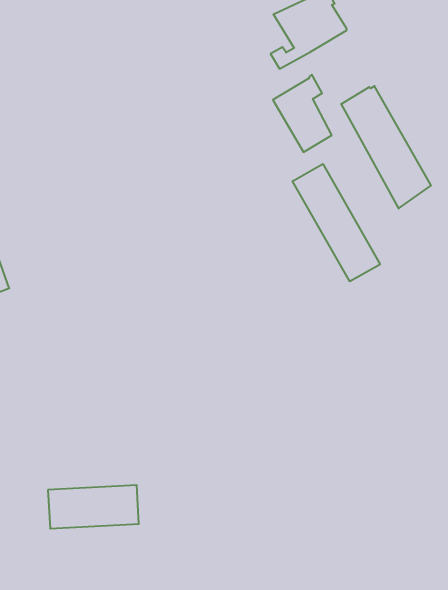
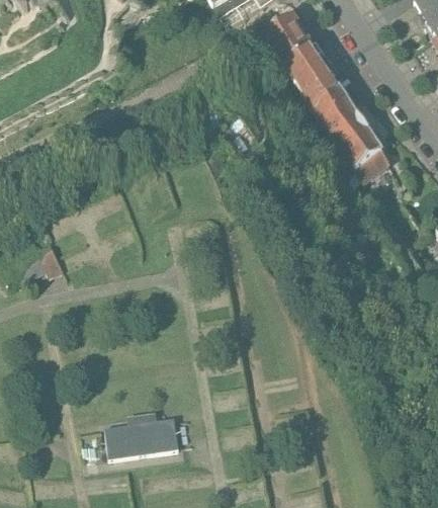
building: [273,75,332,152] -> [287,39,336,101]
building: [293,164,380,281] -> none

